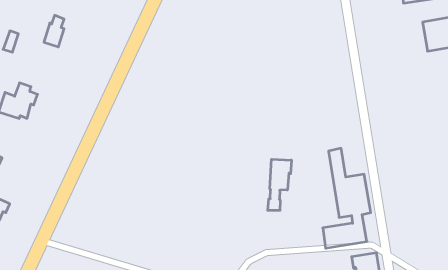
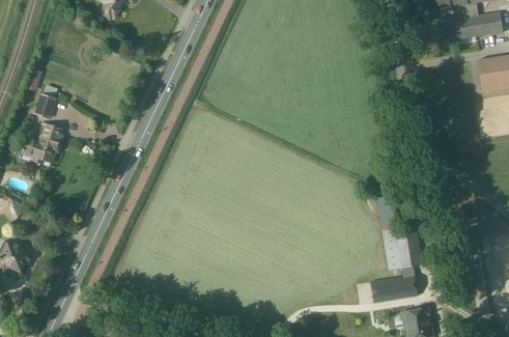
building: [44,15,64,47] -> [34,85,56,119]
building: [268,159,291,210] -> none

